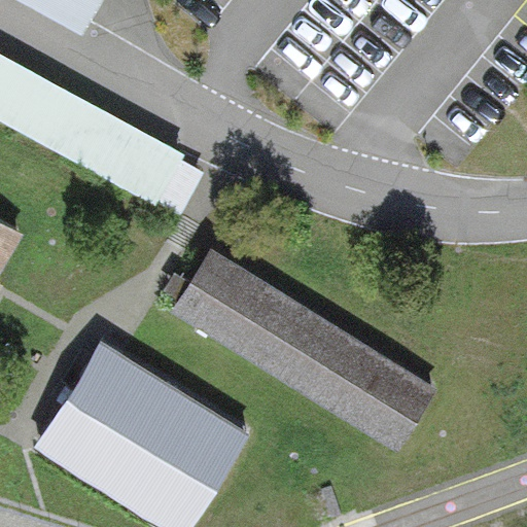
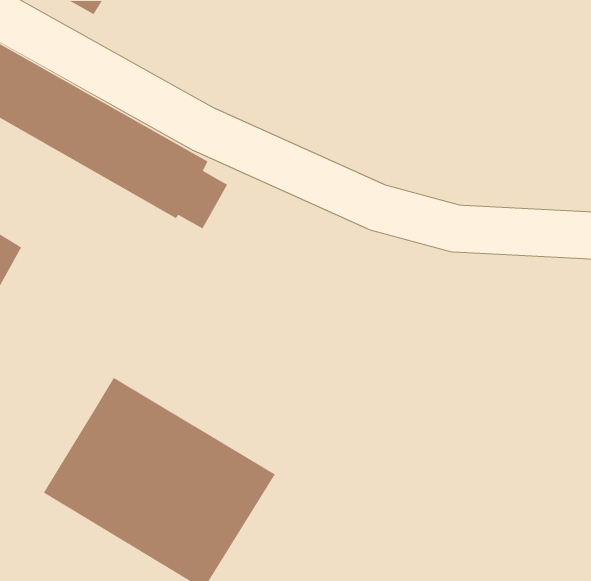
building: [170,249,434,458] -> none

